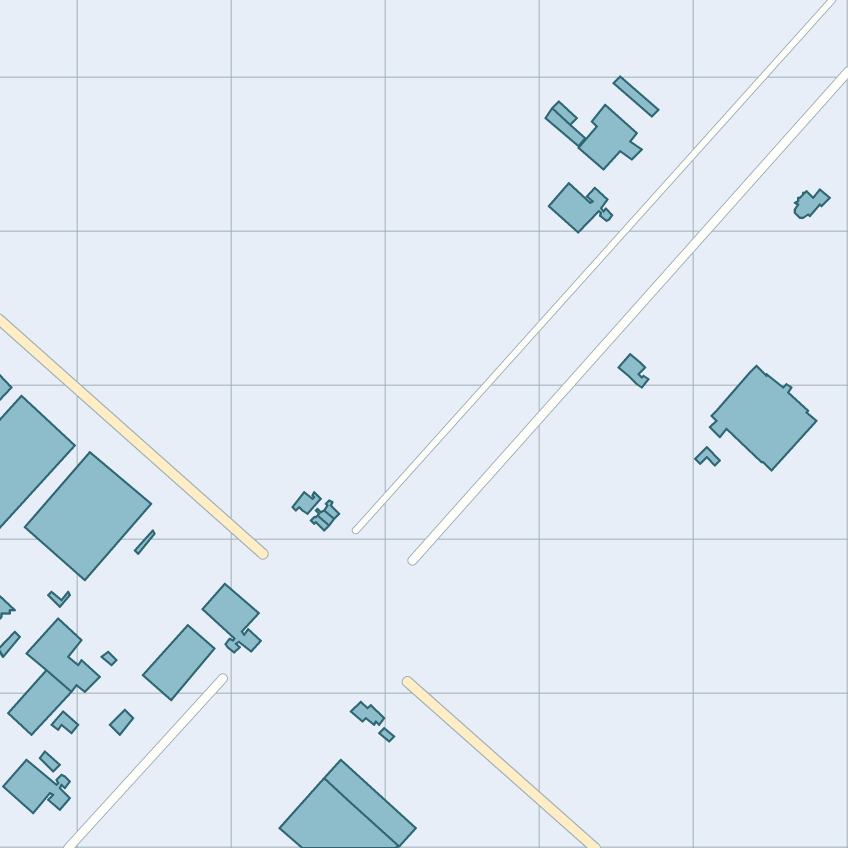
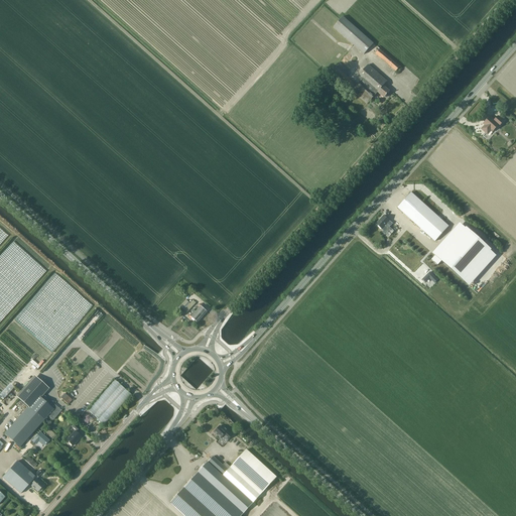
building: none -> [333,16,372,53]
building: [549,183,612,233] -> none
building: none -> [396,191,447,241]
building: [203,584,261,653] -> none
building: none -> [207,449,274,502]

